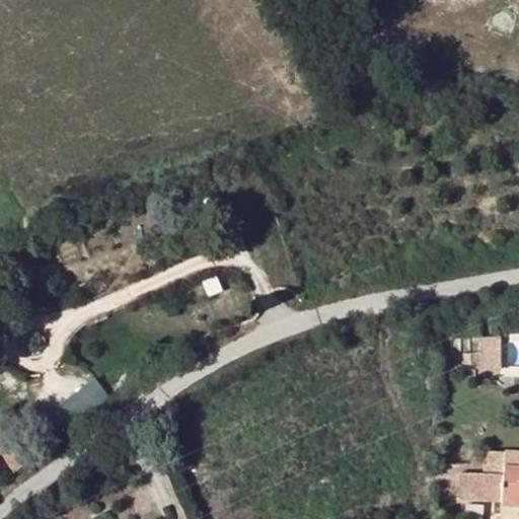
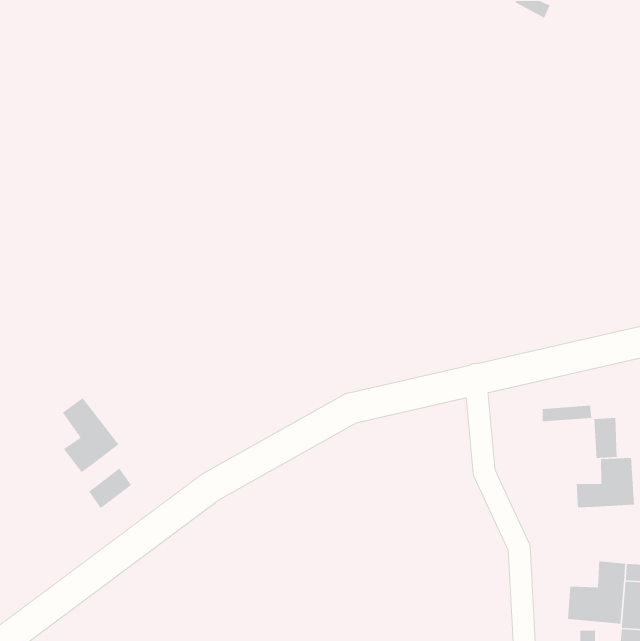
building: none -> [62,397,119,473]
building: none -> [576,457,635,508]

